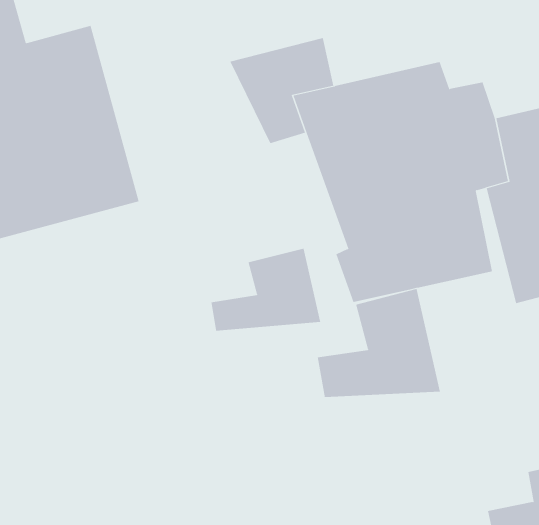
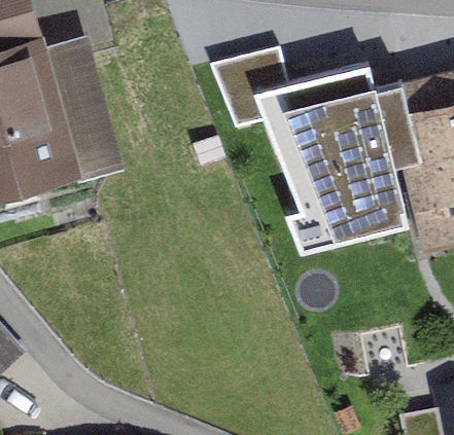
building: [211,248,321,331] -> none
building: [317,288,441,398] -> none

